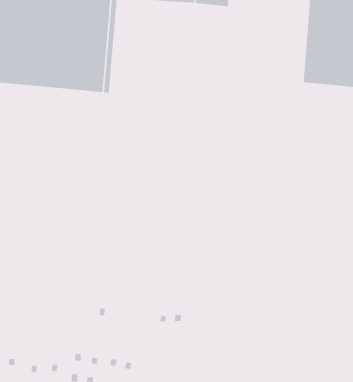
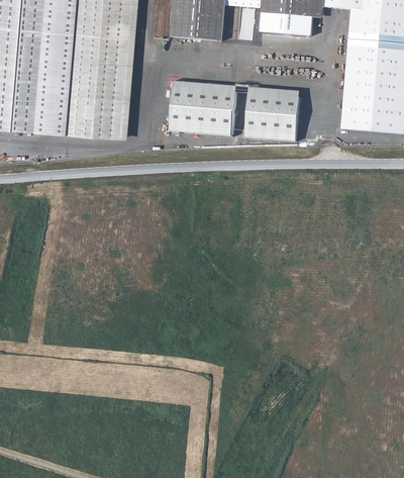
building: none -> [168,80,299,140]

